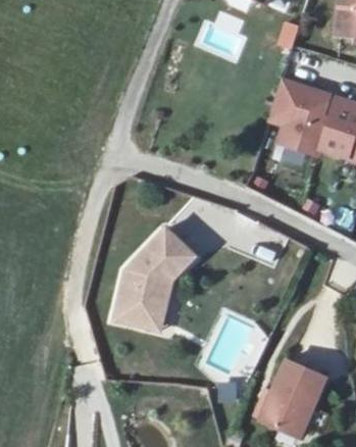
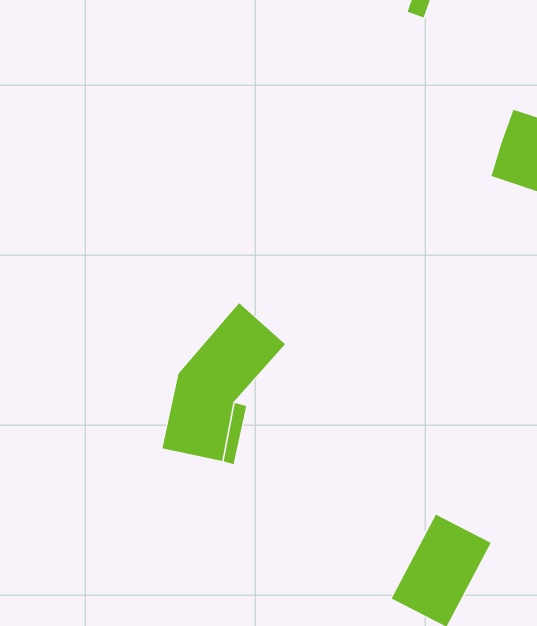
building: [272,82,334,156] -> none

